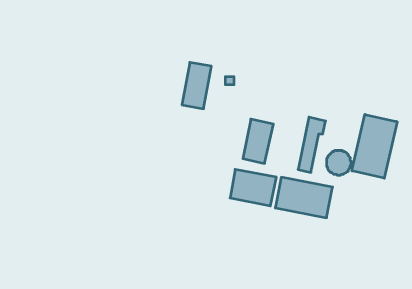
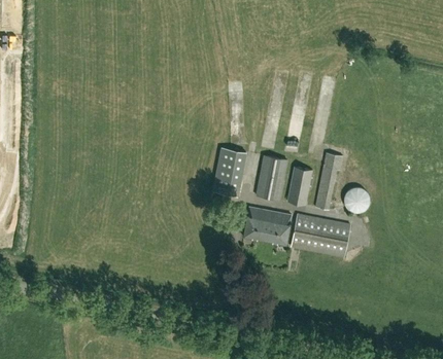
building: [182,62,211,109] -> [213,148,244,196]
building: [352,114,397,178] -> none
building: none -> [286,166,312,205]

